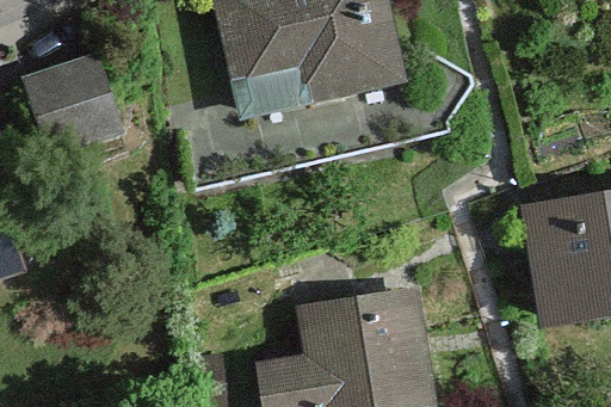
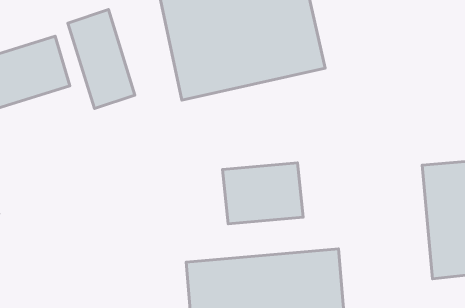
building: none -> [68,10,135,109]
building: none -> [223,163,303,224]

